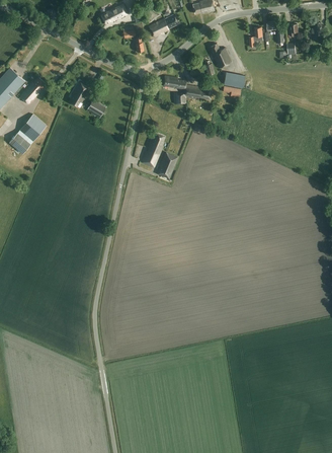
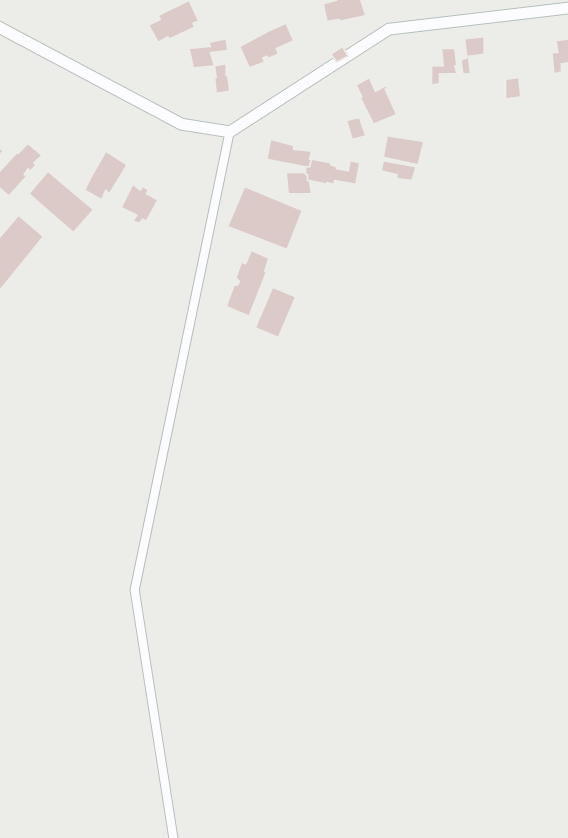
building: none -> [29,171,94,232]
building: none -> [228,186,302,249]

